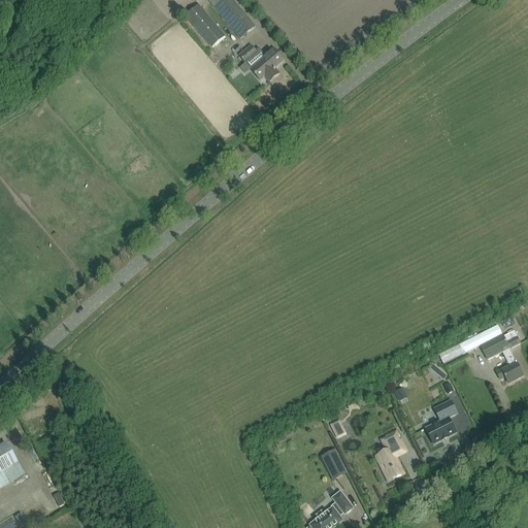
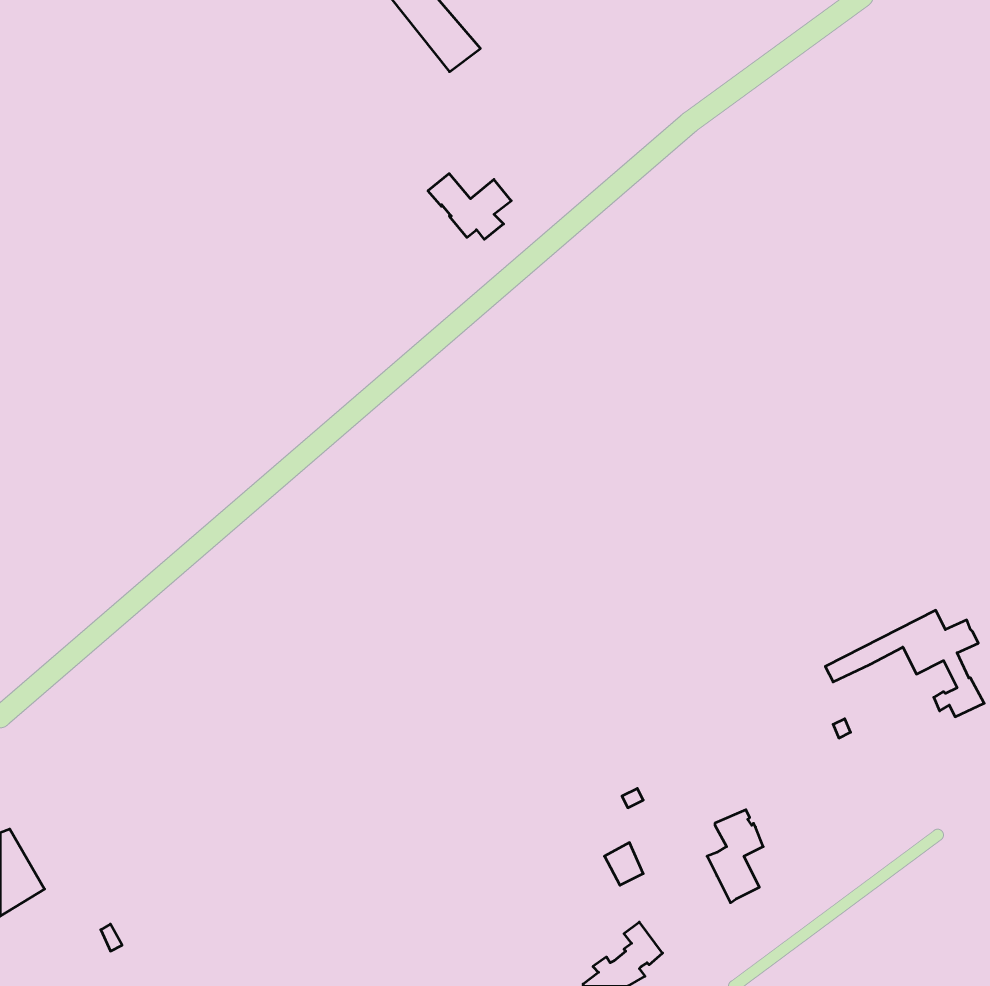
building: [186,4,226,46] -> none
building: [239,45,284,80] -> [428,174,511,239]
building: [426,400,457,443] -> none

